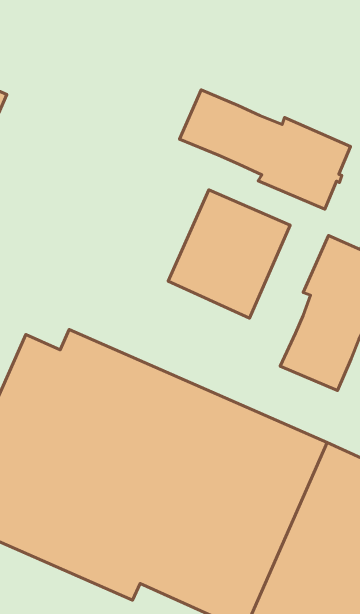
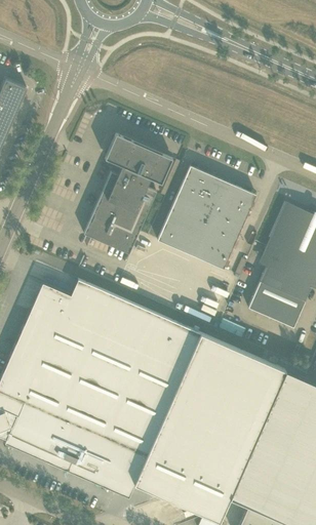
building: [179,90,350,209] -> none
building: none -> [83,133,170,254]

